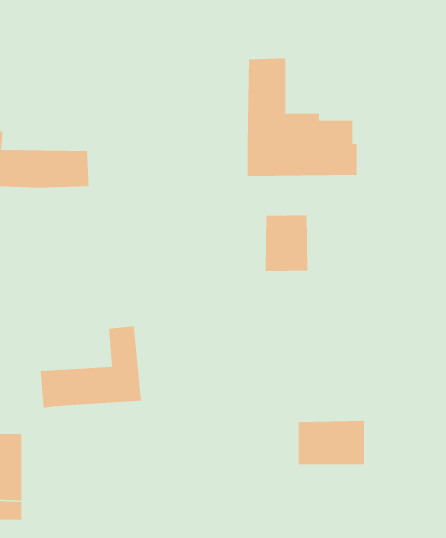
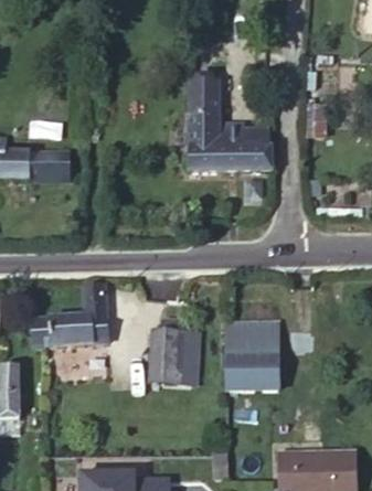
building: [265,215,308,272] -> none
building: none -> [151,320,194,381]
building: none -> [227,322,278,356]

